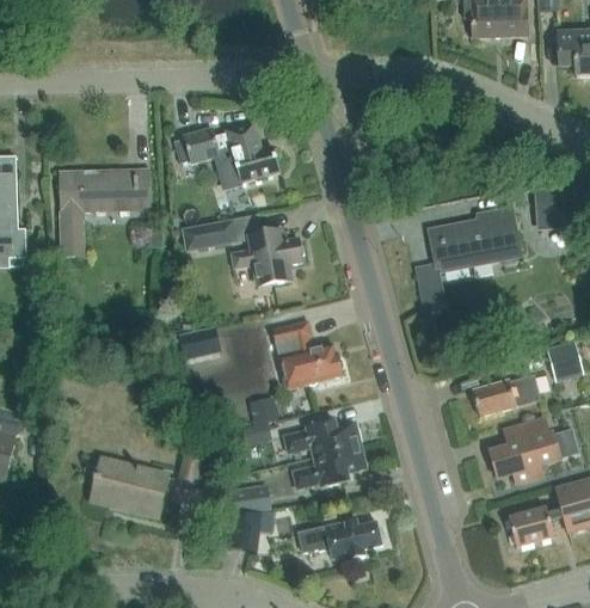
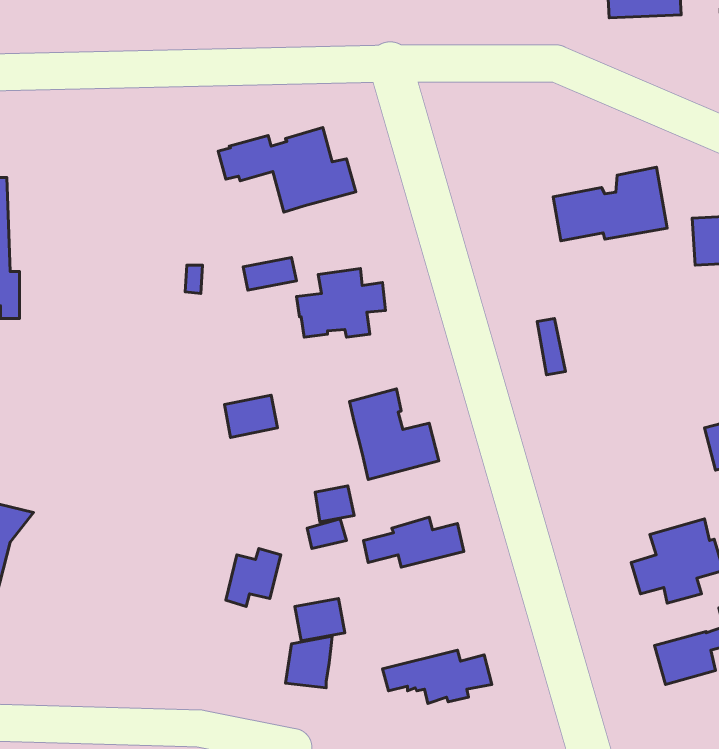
building: [60,170,149,254] -> none
building: [430,209,517,265] -> [553,167,667,241]
building: [472,377,537,417] -> none
building: [293,444,368,489] -> none
building: [91,457,167,515] -> none

